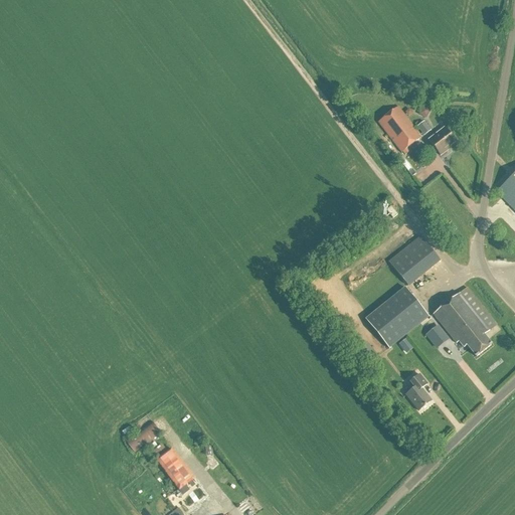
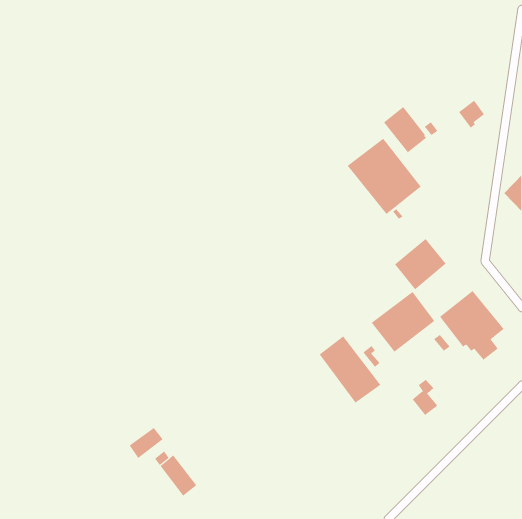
building: [428,126,455,154] -> [458,100,485,128]
building: none -> [347,138,422,215]
building: none -> [319,336,381,403]

